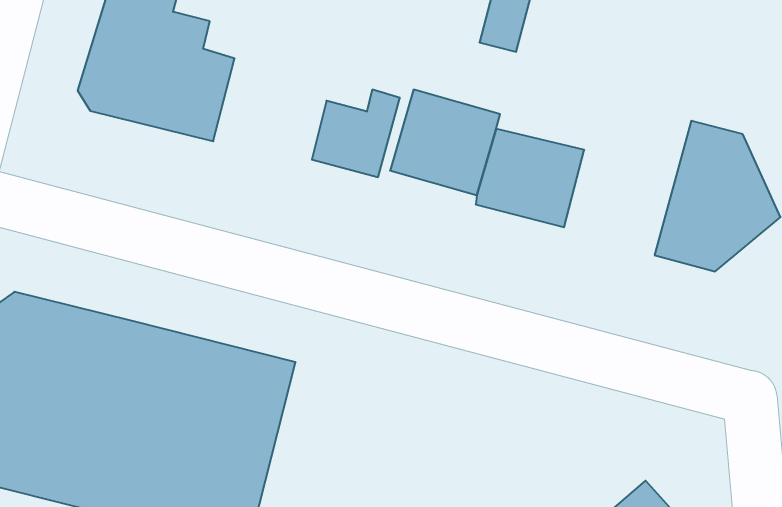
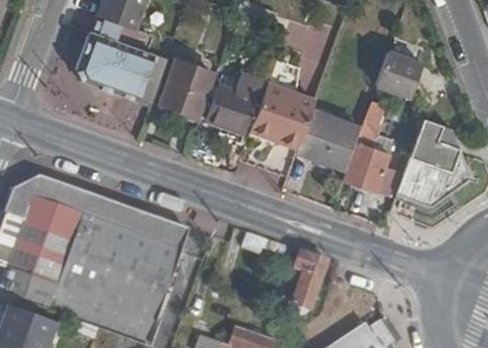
building: none -> [375,49,426,101]
building: none -> [162,72,210,114]
building: none -> [342,100,390,190]
building: none -> [267,240,328,310]

